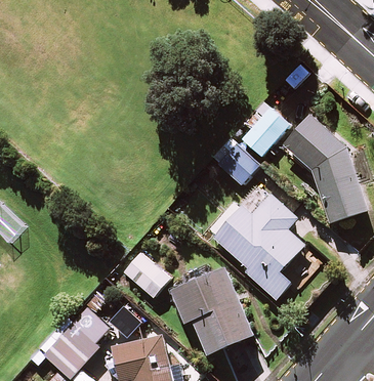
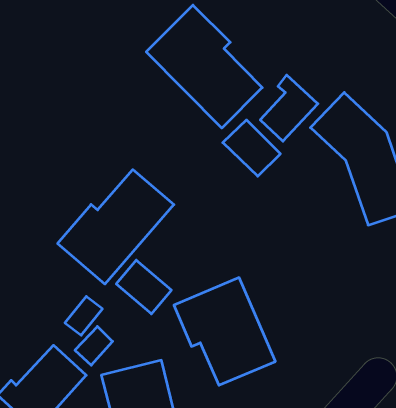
building: none -> [146,5,262,128]
building: none -> [58,170,174,284]
building: [207,194,303,299] -> none

